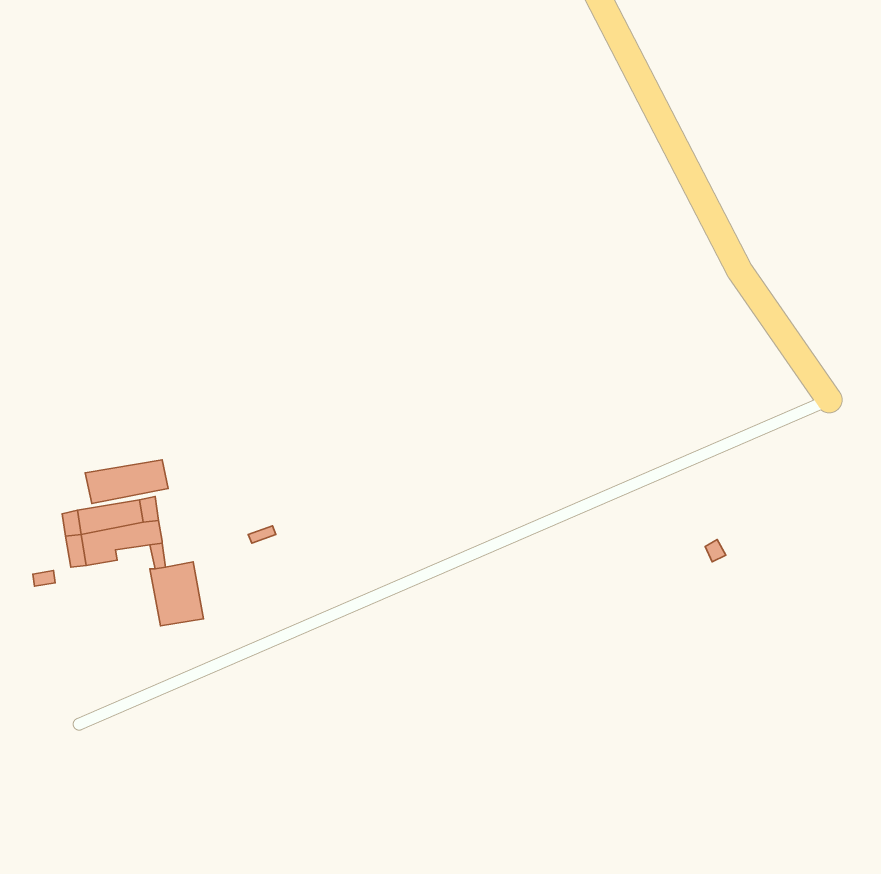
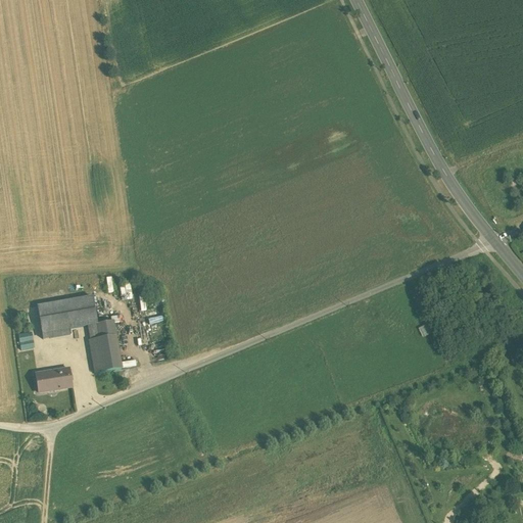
building: [85,460,168,503] -> none
building: none -> [35,367,72,389]

